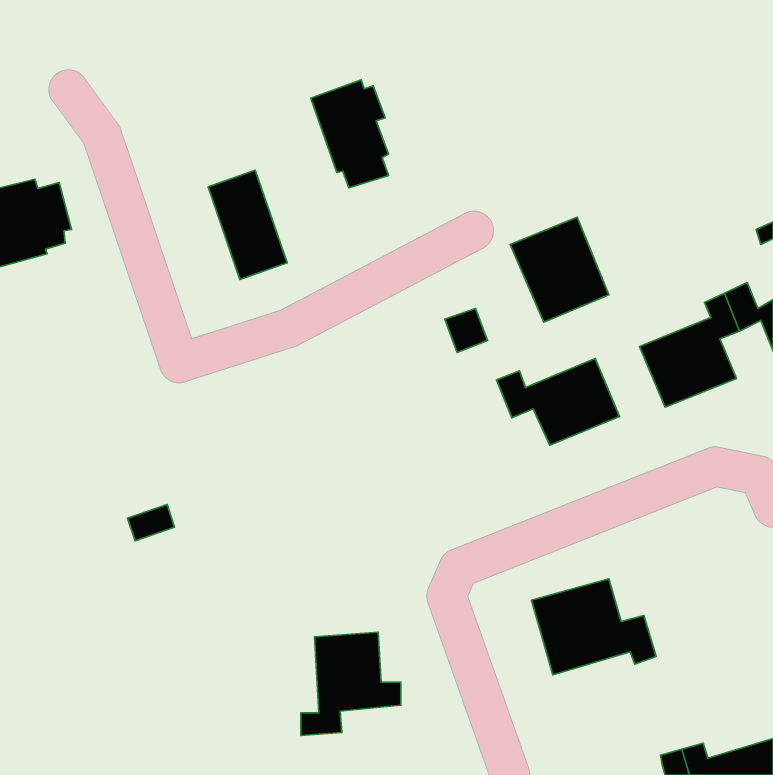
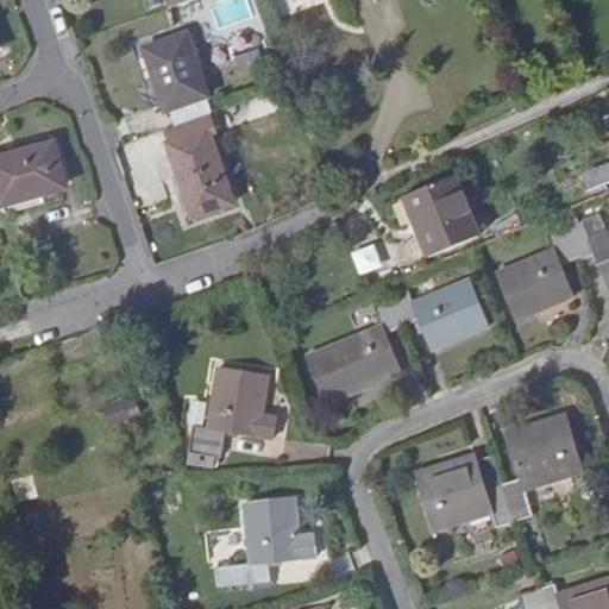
building: [311,80,388,188] -> [139,38,200,123]
building: none -> [309,297,401,401]
building: none -> [194,375,280,463]
building: none -> [504,414,584,514]

